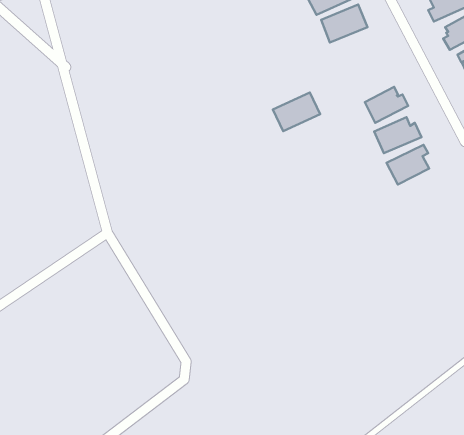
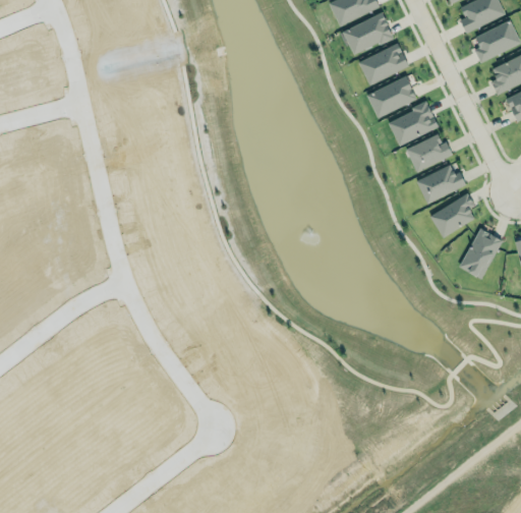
building: none -> [388,103,439,146]
building: [273,92,320,131] -> [366,76,417,118]
building: none -> [460,228,503,279]

